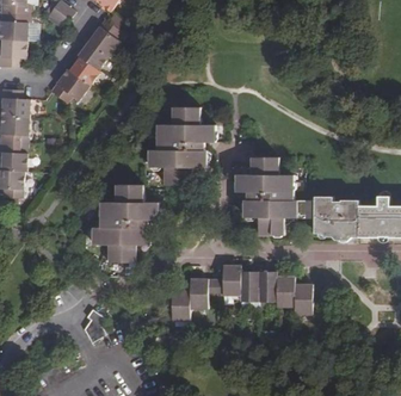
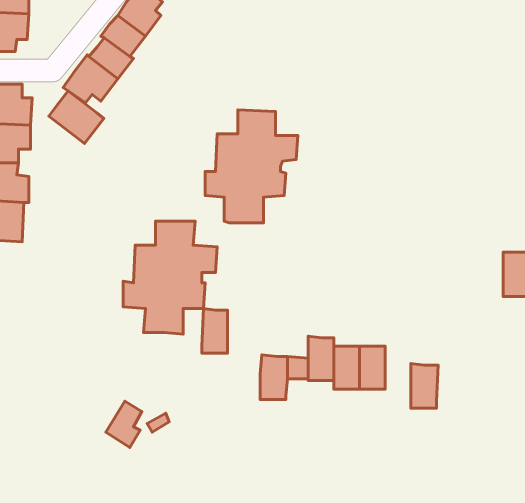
building: none -> [49,91,104,144]
building: [236,156,358,240] -> none
building: [276,276,294,307] -> none
building: [171,289,189,320] -> [202,309,228,353]

